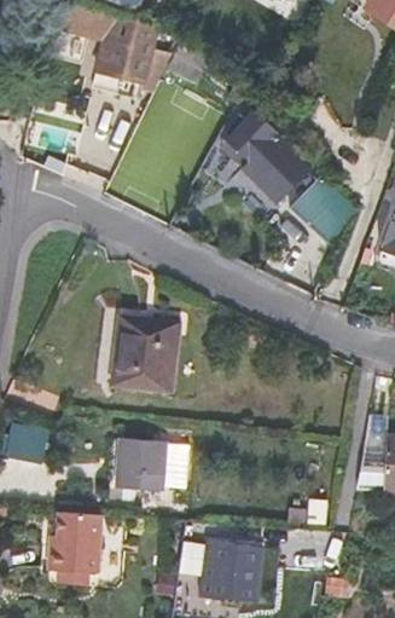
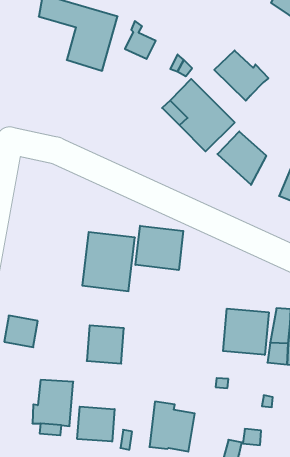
building: none -> [214,50,268,101]
building: none -> [135,226,183,270]
building: none -> [223,309,269,355]
building: none -> [77,407,115,442]

